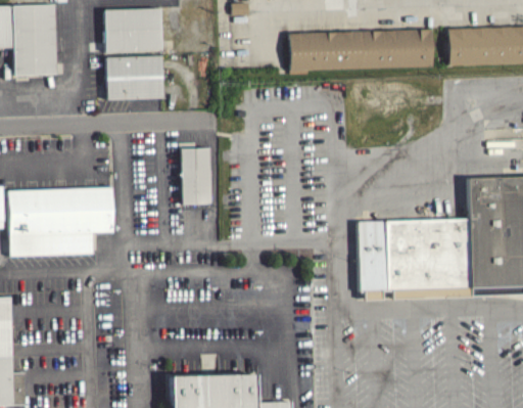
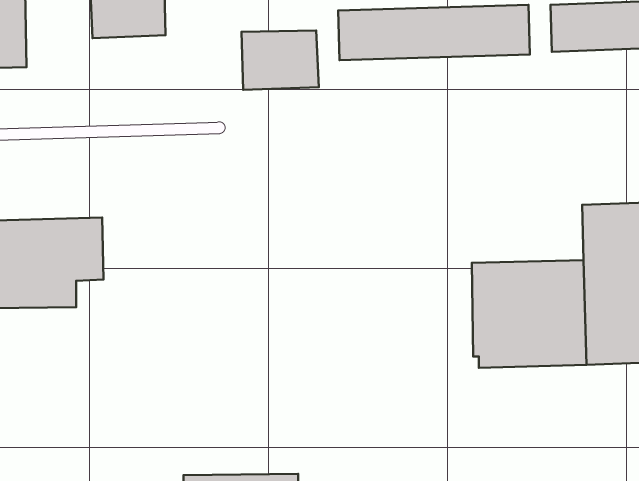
building: [106,55,163,99] -> [242,31,319,90]
building: [180,147,210,205] -> none
building: [359,220,388,299] -> none

